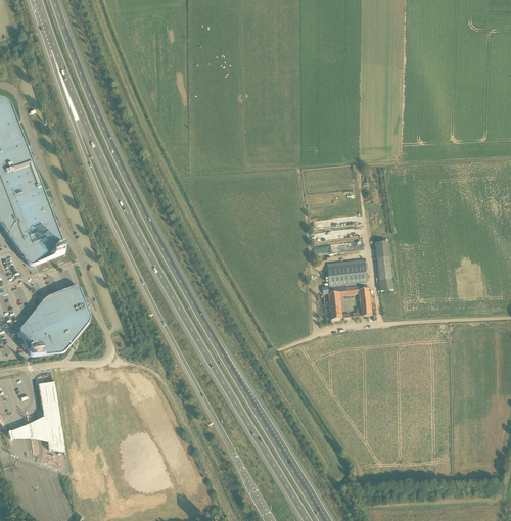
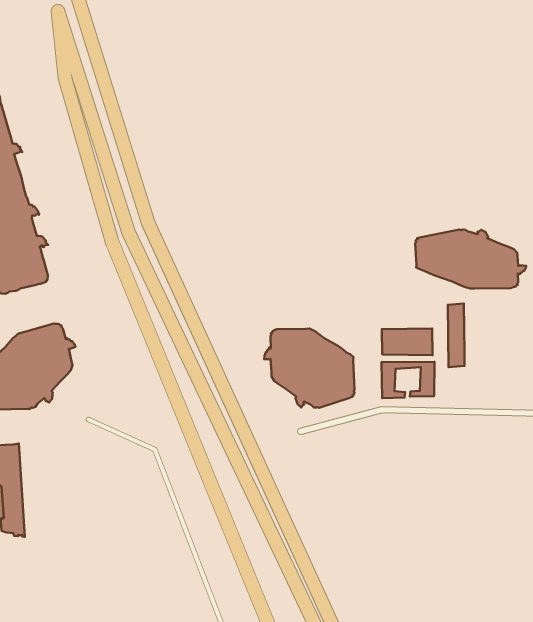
building: none -> [415,229,526,289]
building: none -> [264,328,355,408]

